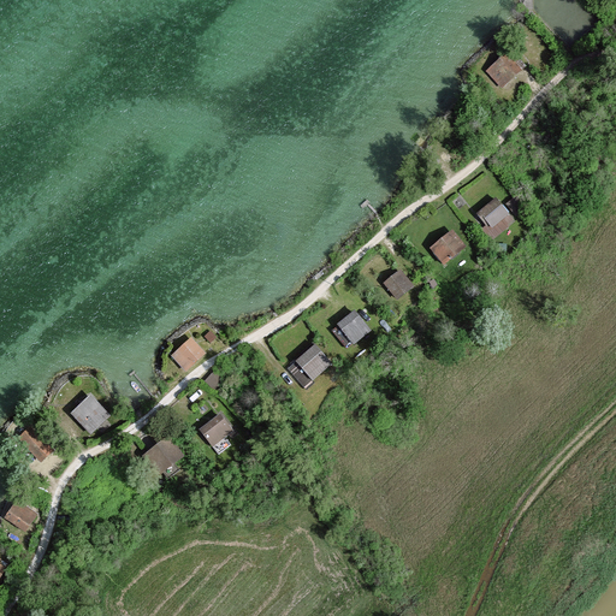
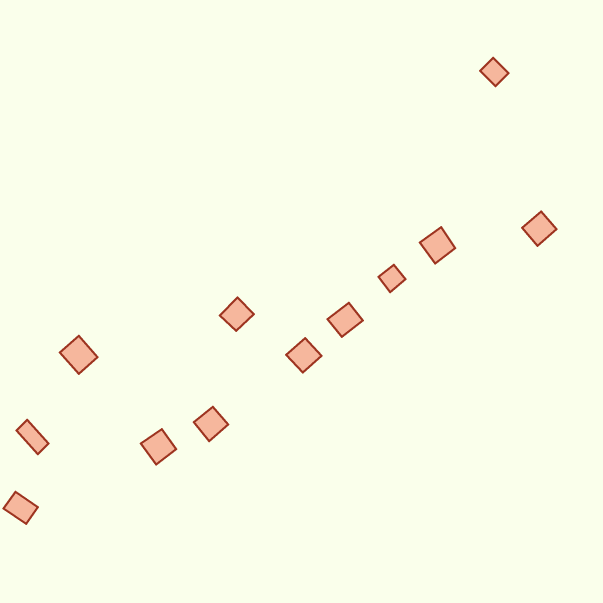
building: [479,200,514,235] -> [522,211,556,246]
building: [172,336,207,369] -> [220,298,254,331]
building: [67,395,106,433] -> [60,336,98,374]

